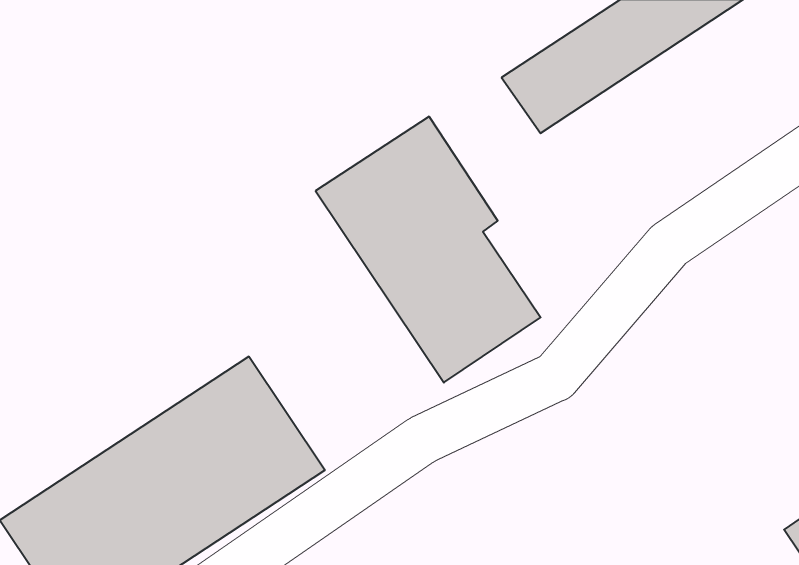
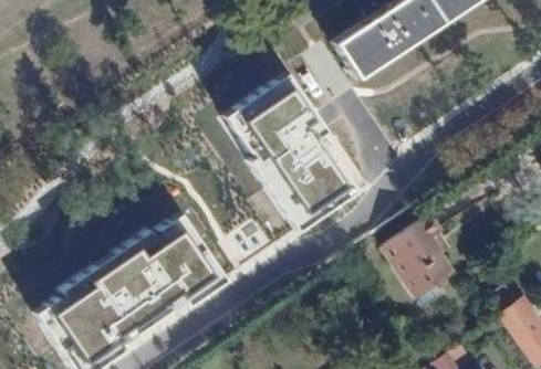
building: none -> [381,215,460,306]

